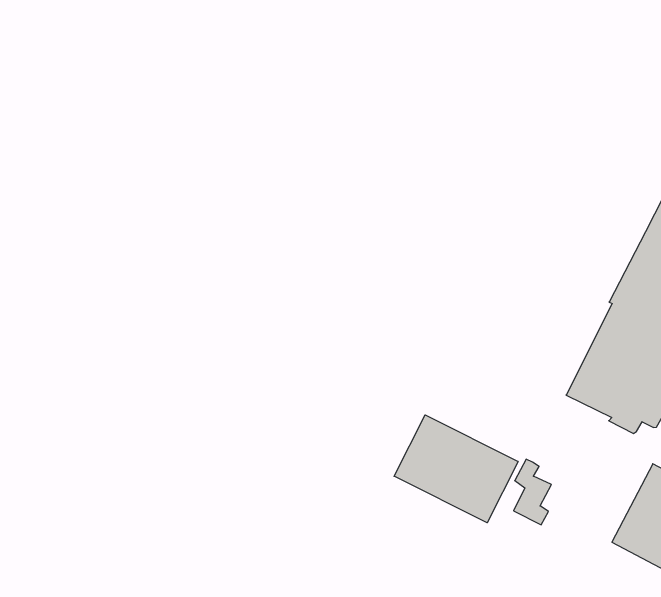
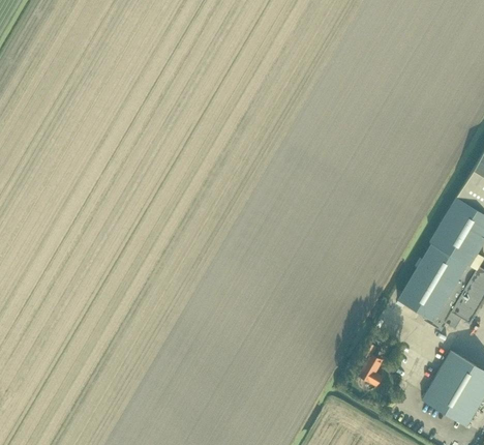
building: [394,415,518,523] -> none

